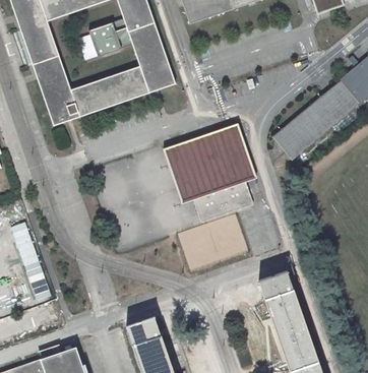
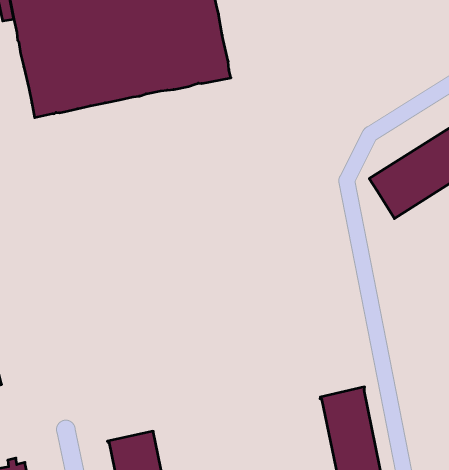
building: [163,123,256,222] -> none

